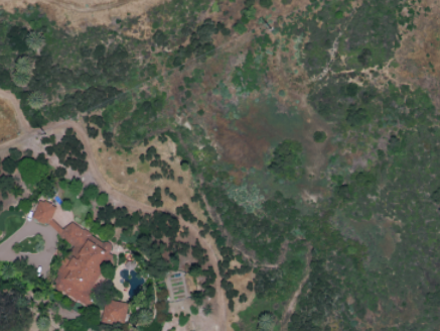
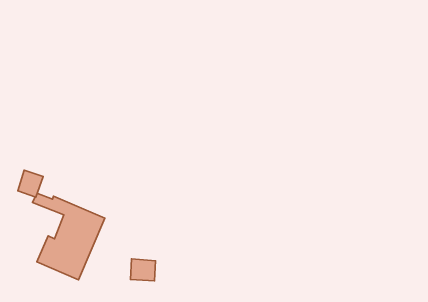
building: [104,300,128,321] -> [130,259,155,281]

